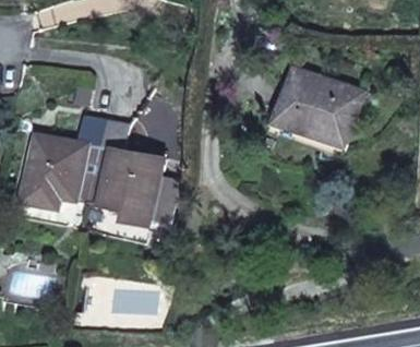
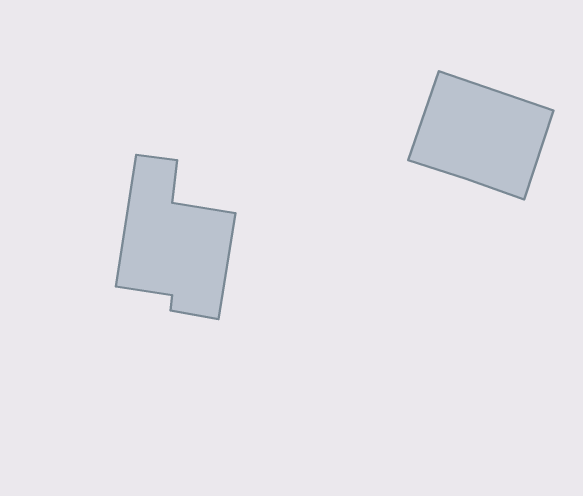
building: [19,117,100,212] -> none

